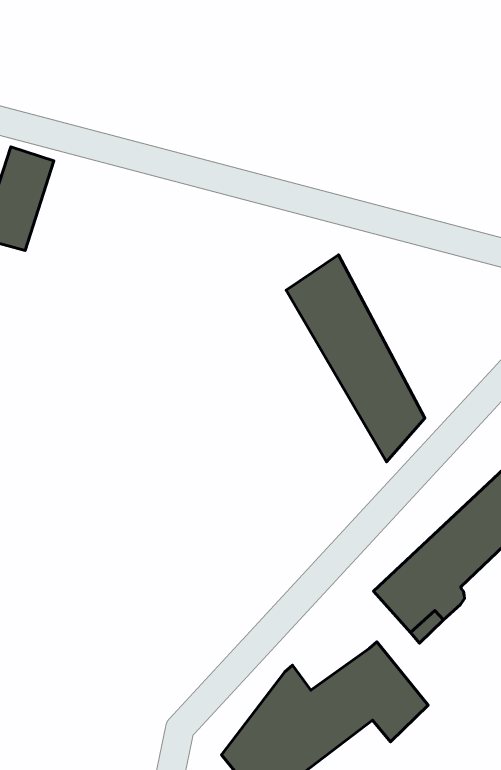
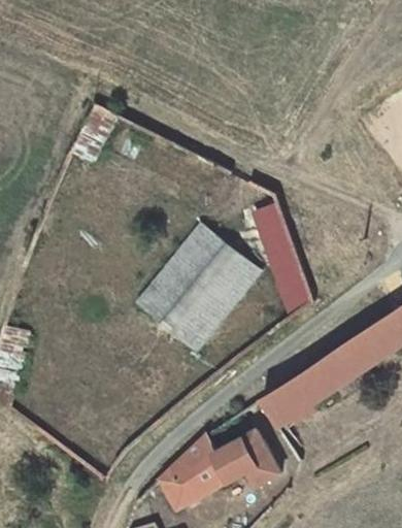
building: none -> [132,225,262,358]

